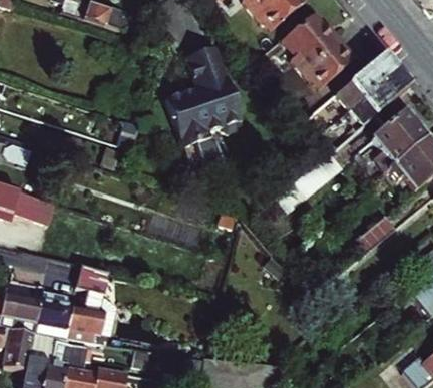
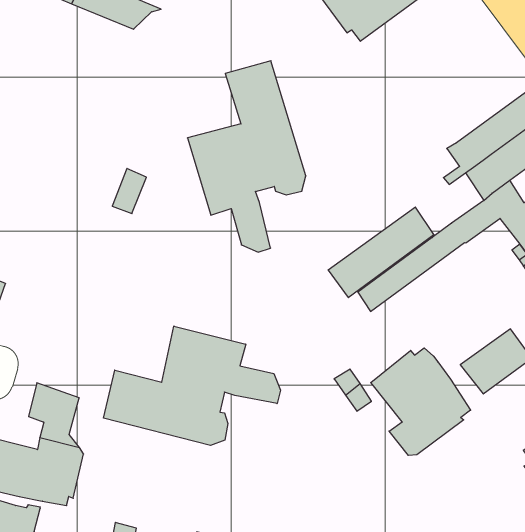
building: [287,17,360,92] -> none
building: none -> [104,326,281,445]
building: none -> [371,348,471,455]

